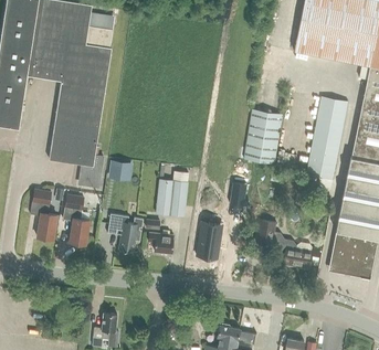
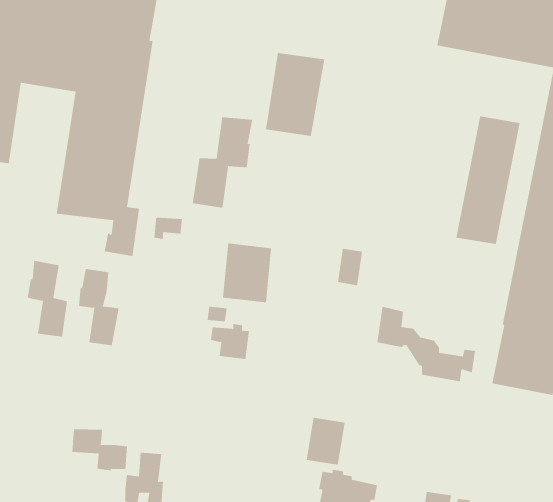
building: none -> [192,116,253,209]
building: [244,109,283,163] -> [265,52,325,136]
building: [107,214,144,253] -> none
building: [196,229,221,259] -> [306,417,345,465]
building: none -> [72,428,128,471]

